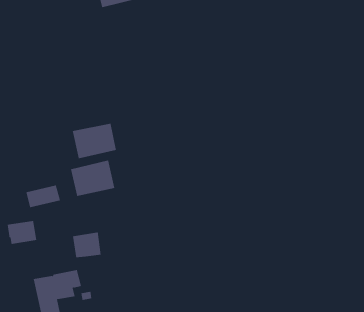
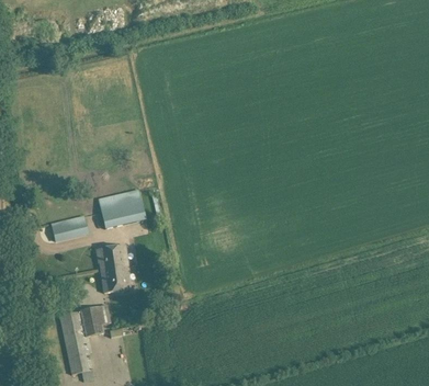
building: [72,123,117,159] -> none
building: [7,220,37,244] -> [95,242,127,268]

